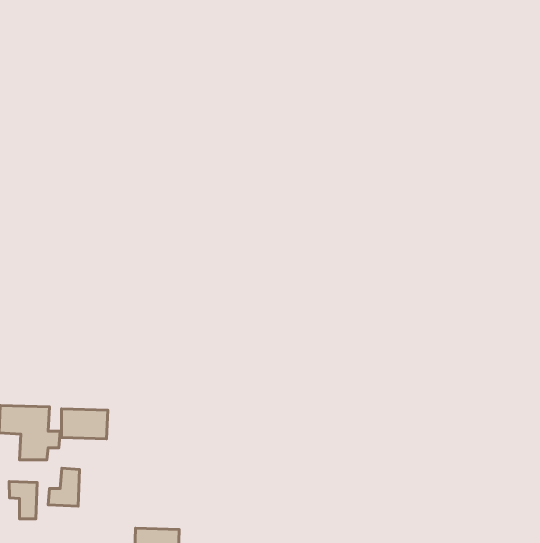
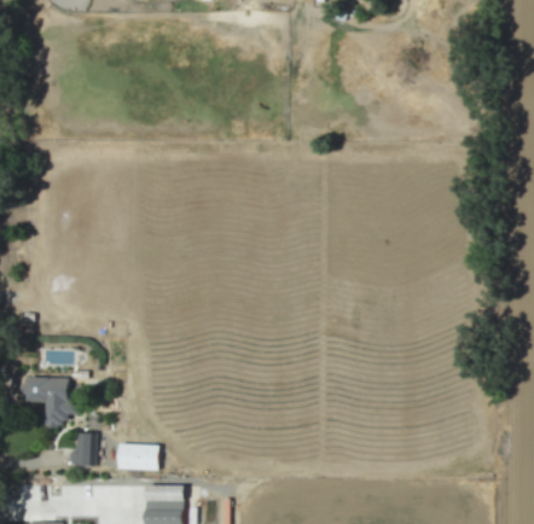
building: [61,409,108,439] -> [117,444,158,471]
building: [9,482,37,519] -> none

